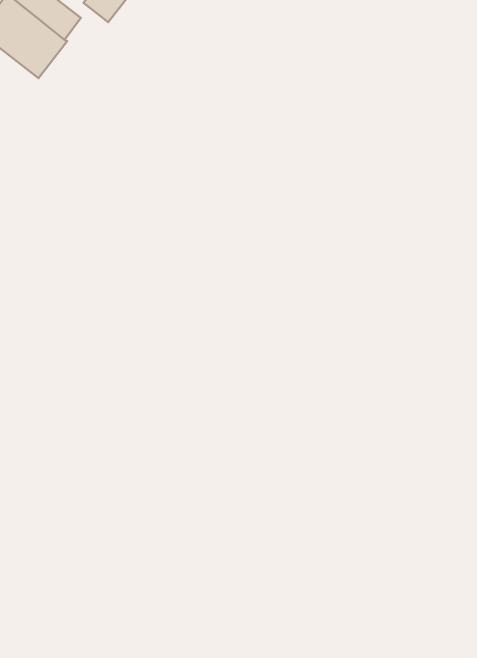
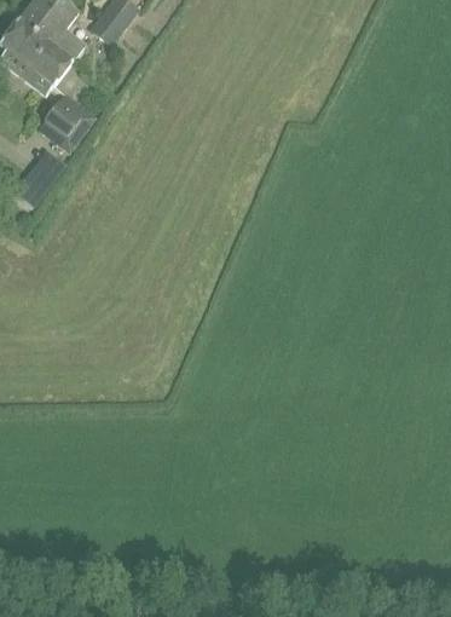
building: none -> [37,91,96,152]

